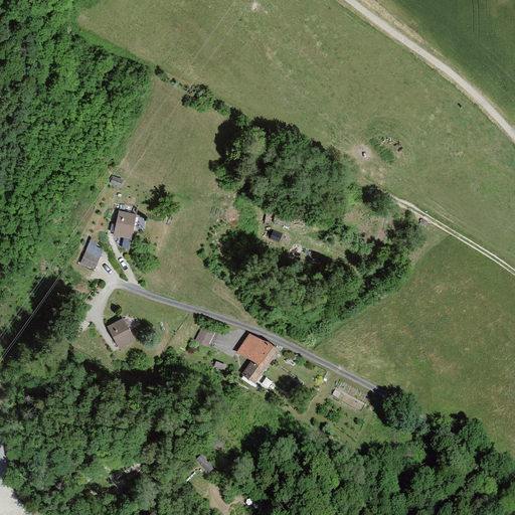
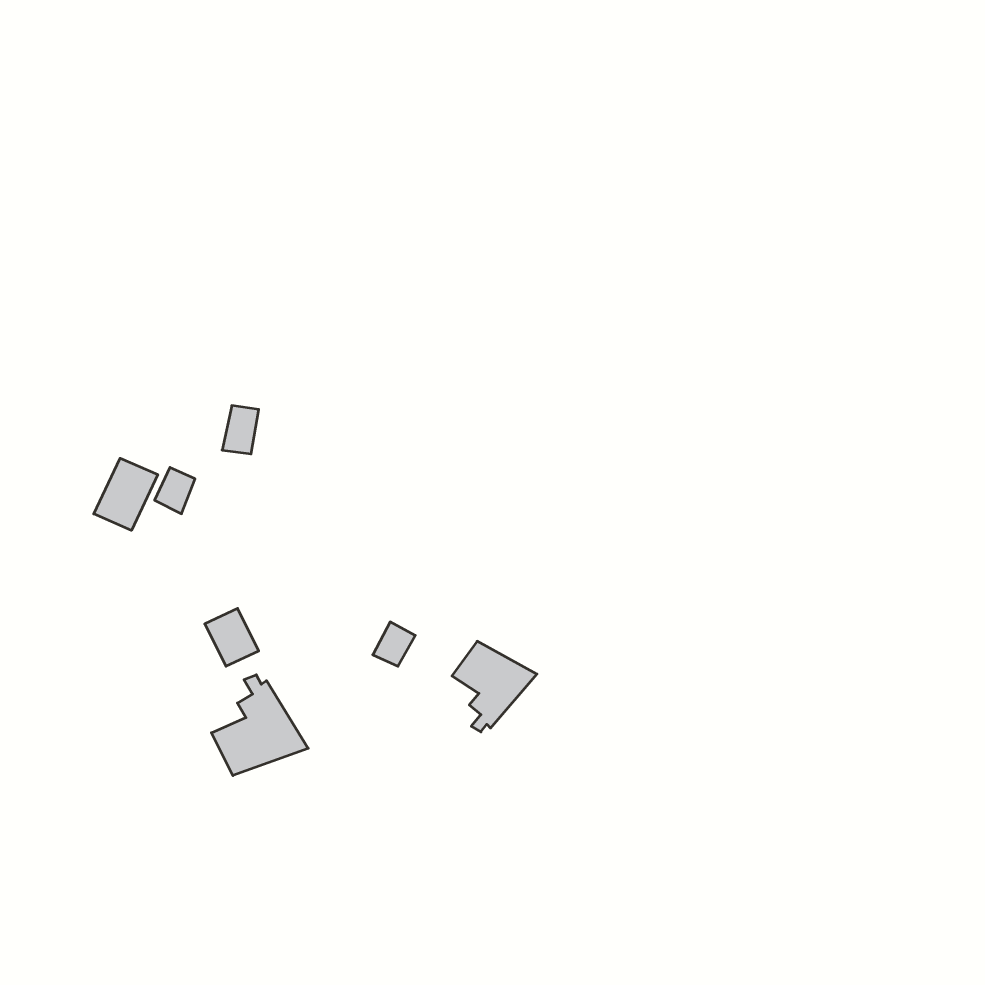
building: none -> [94,458,158,530]
building: none -> [211,675,308,776]

